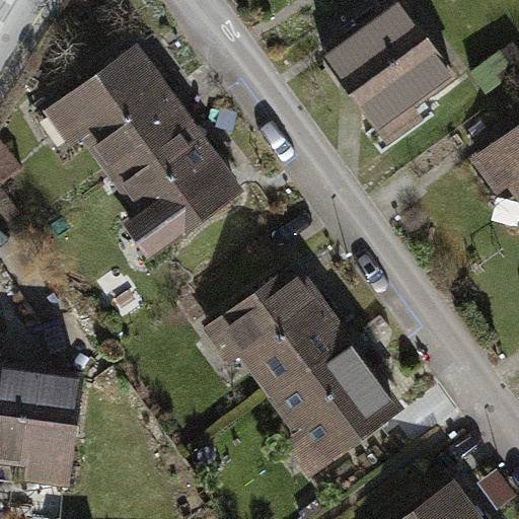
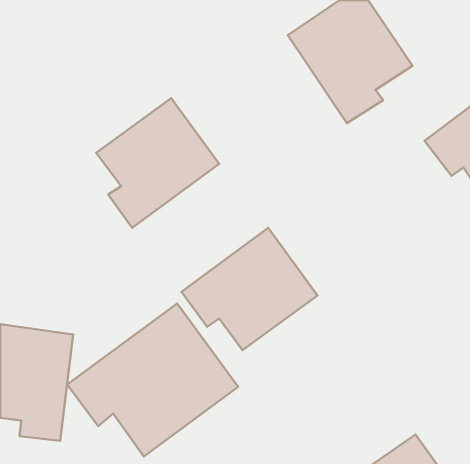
building: [41,44,191,177] -> none
building: [269,333,404,475] -> none
building: none -> [67,304,238,457]

